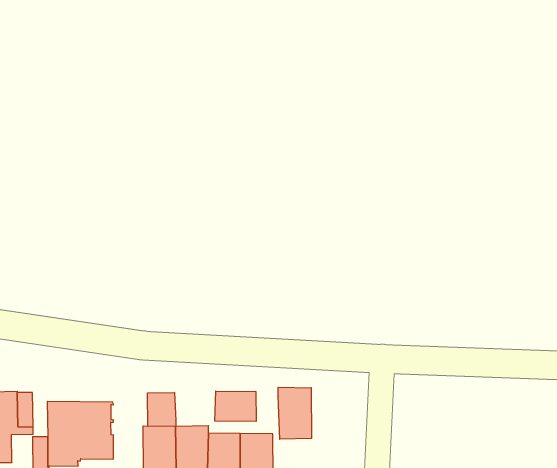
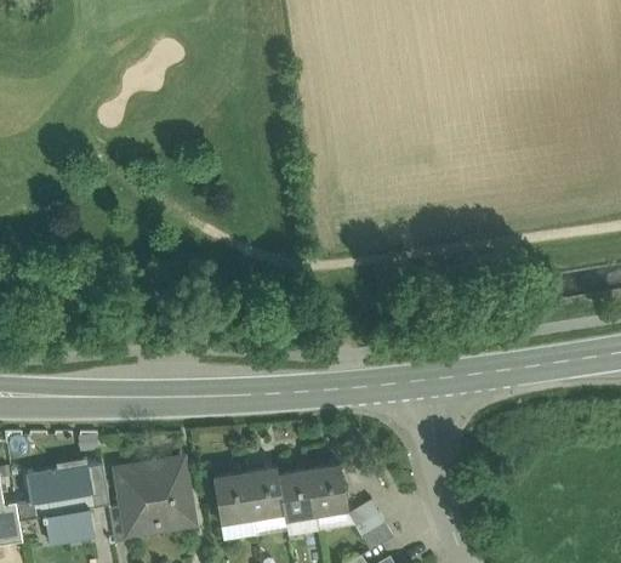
building: [278,387,312,439] -> none
building: [215,391,256,421] -> none
building: [148,392,176,426] -> none

